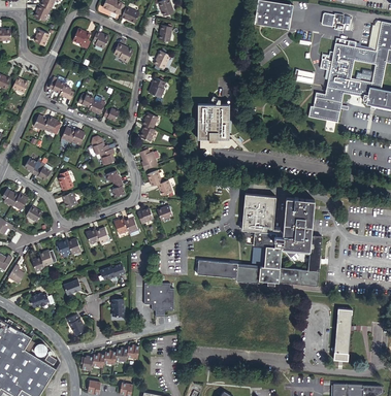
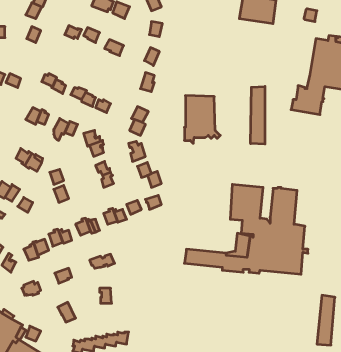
building: none -> [251,86,265,144]
building: [142,284,173,315] -> none

